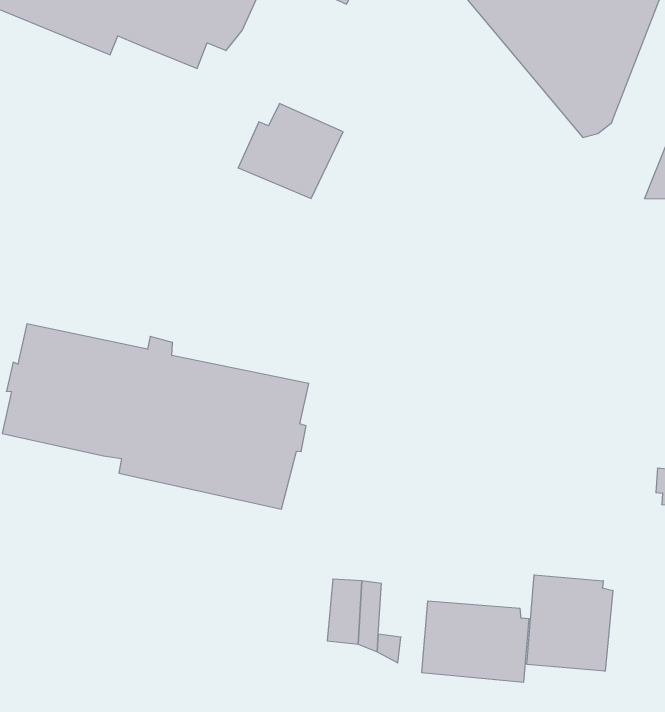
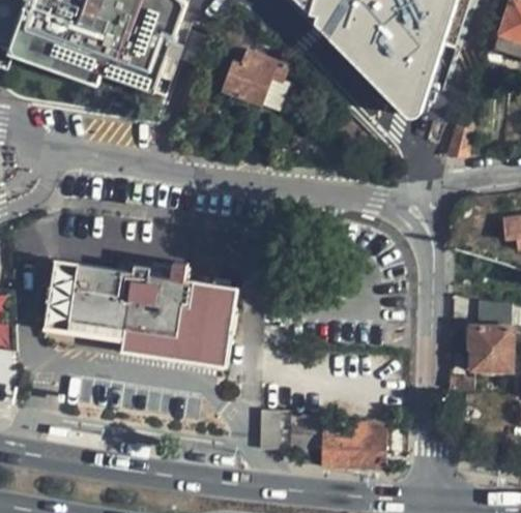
building: [238,104,343,198] -> [224,49,289,108]
building: [527,575,613,671] -> none

